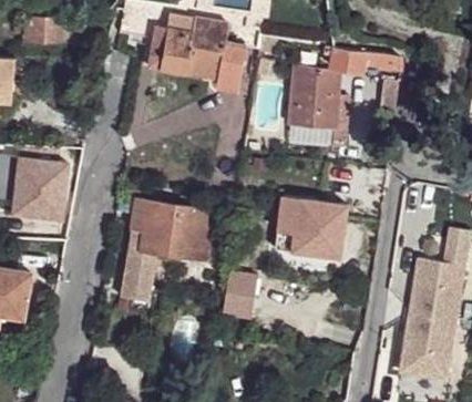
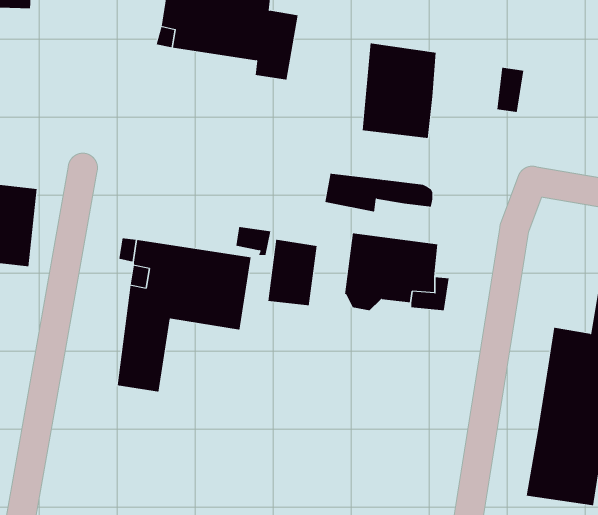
building: [328,48,402,74] -> [325,173,433,212]
building: [223,274,257,319] -> [267,239,318,306]

